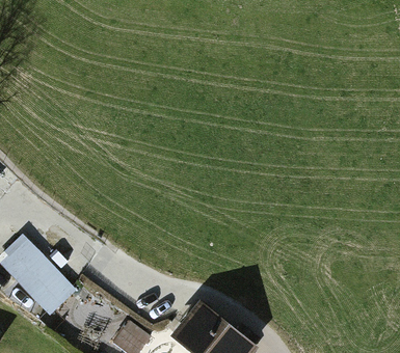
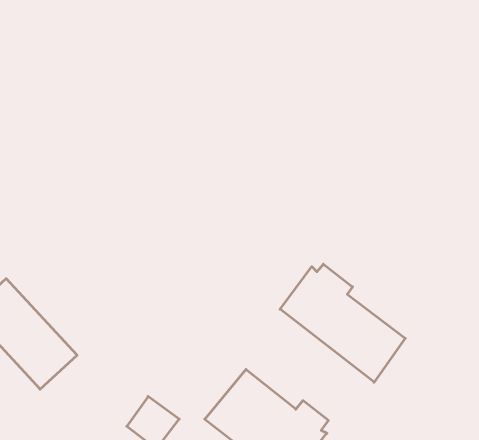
building: none -> [280,264,405,382]

